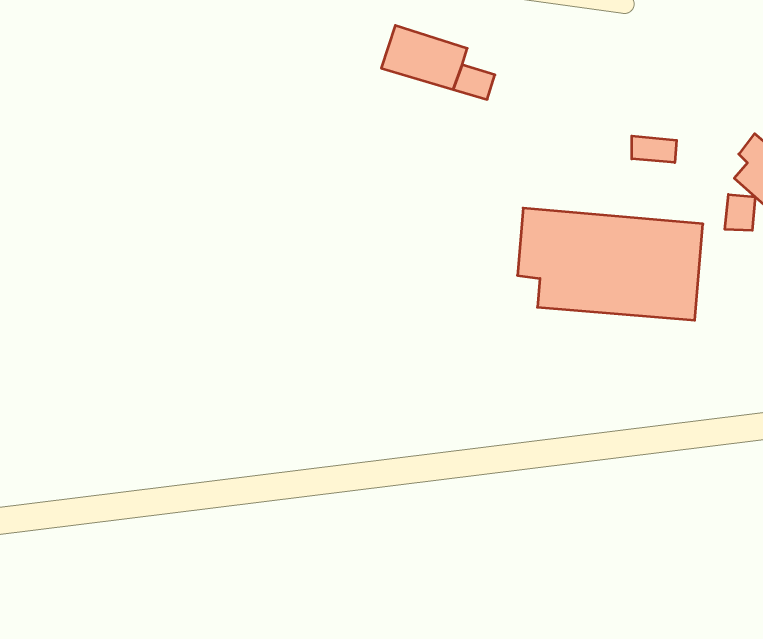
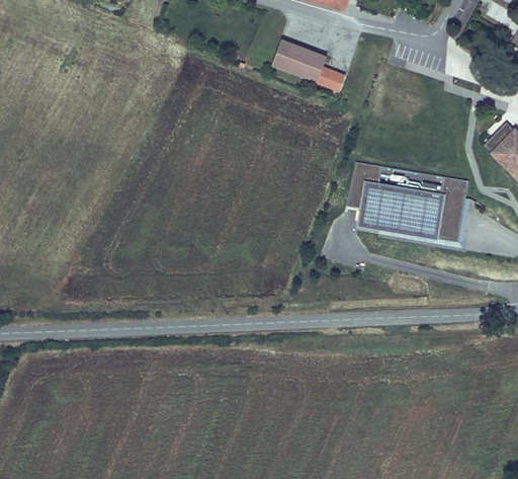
building: [632,136,677,163] -> none
building: [725,194,755,230] -> none

